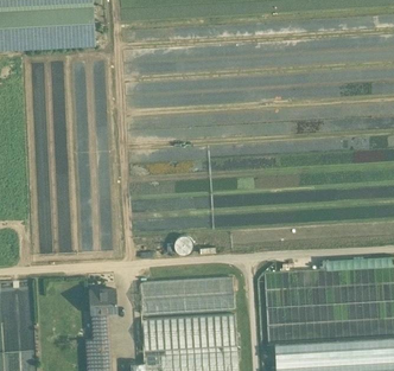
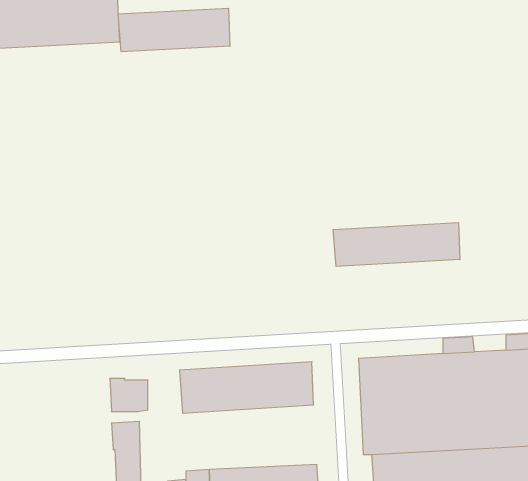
building: none -> [118,8,230,52]
building: none -> [333,223,460,266]
building: [139,314,235,352] -> none

